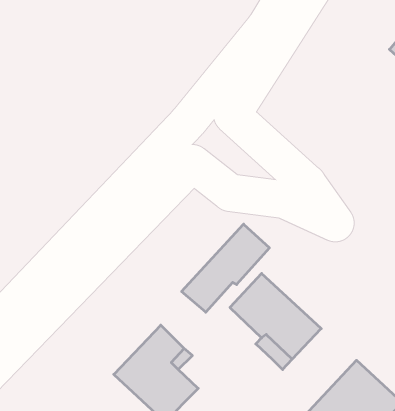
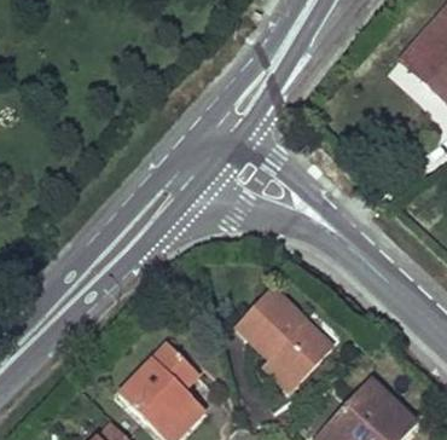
building: [182,224,269,312] -> none

